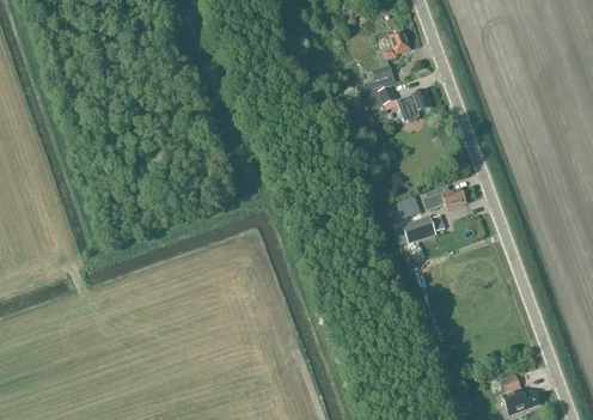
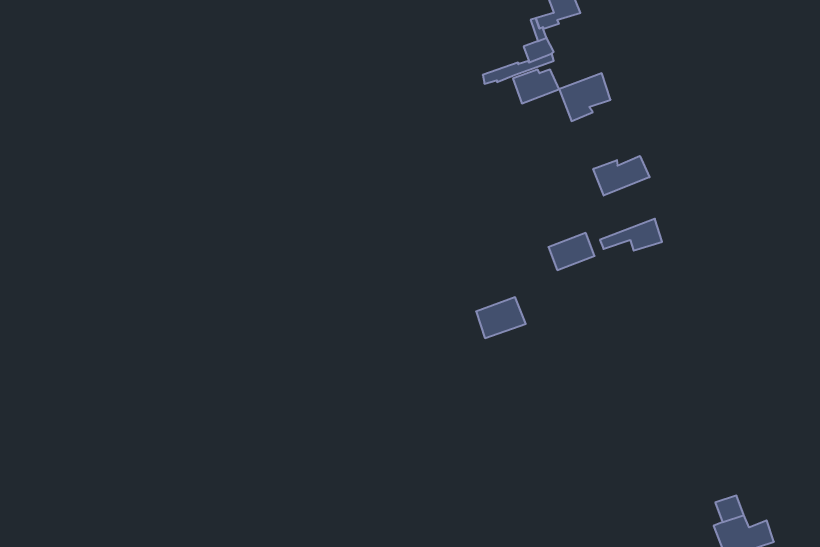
building: none -> [593,156,650,196]
building: [402,215,435,243] -> [476,297,526,338]

